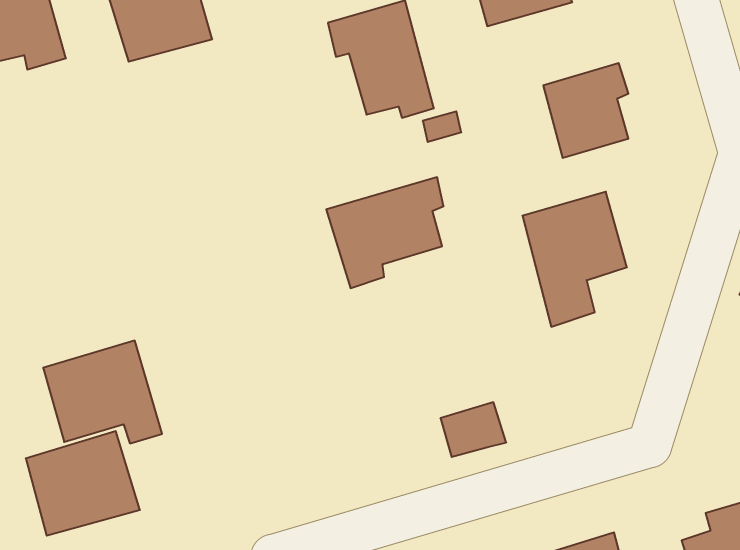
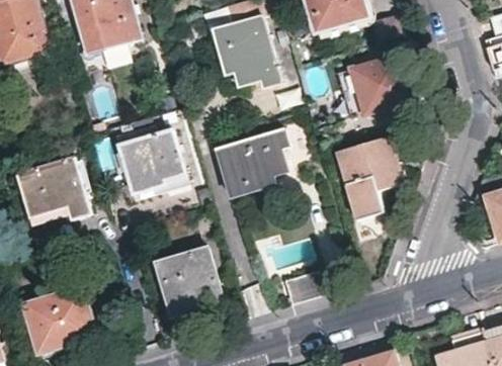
building: none -> [118,127,188,193]
building: [43,341,162,443] -> [16,157,91,221]
building: none -> [154,247,222,309]

